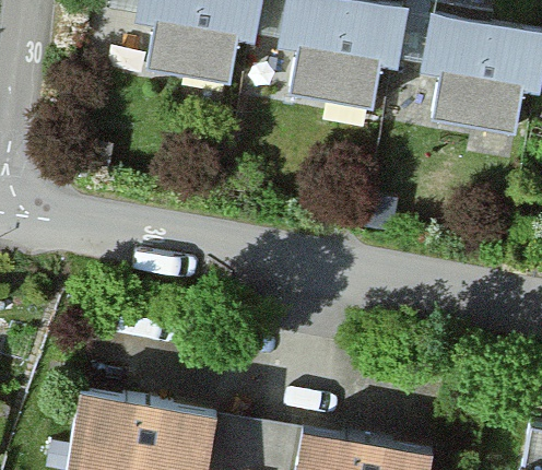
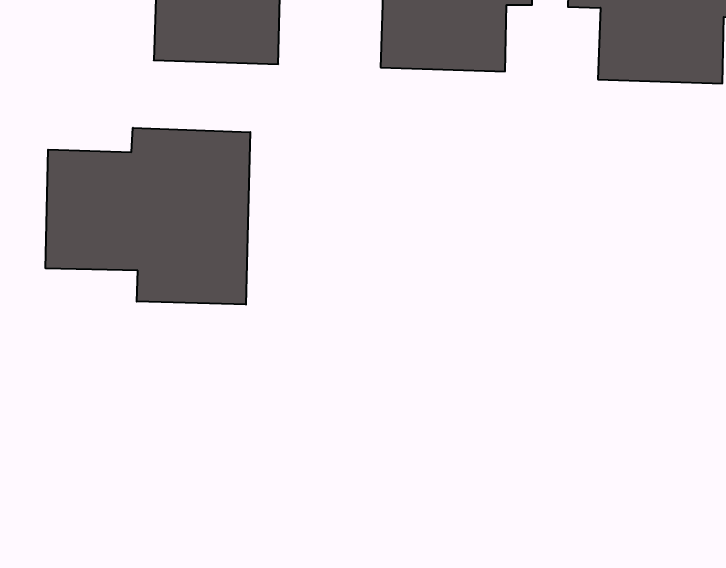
building: none -> [46,128,250,305]

